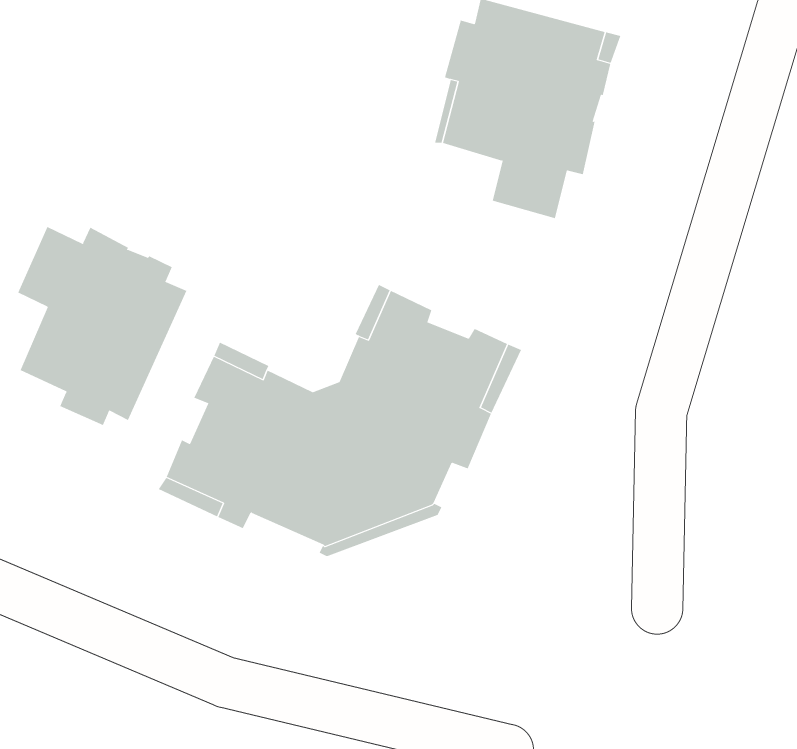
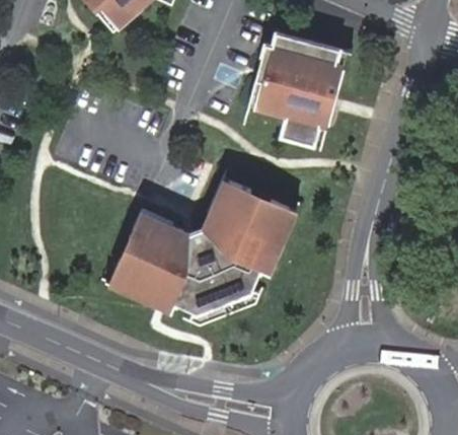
building: [18,226,187,426] -> none

